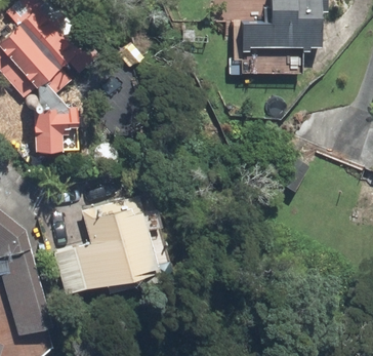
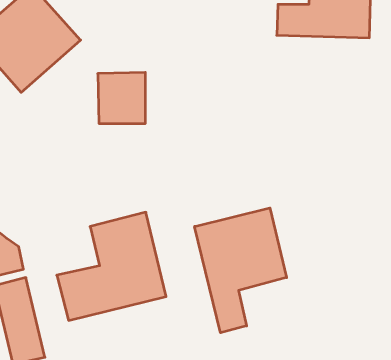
building: [30,111,71,155] -> [98,72,145,123]
building: none -> [195,208,287,333]

